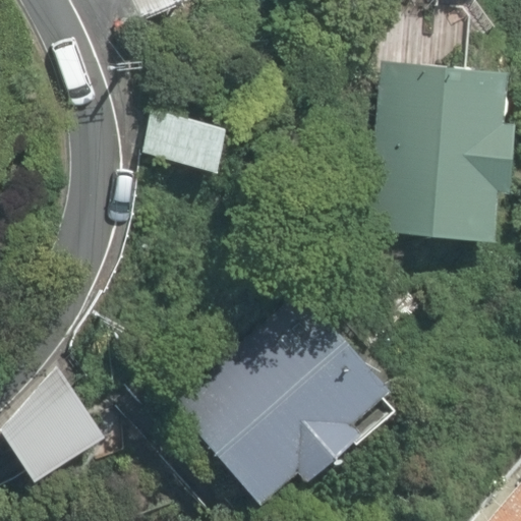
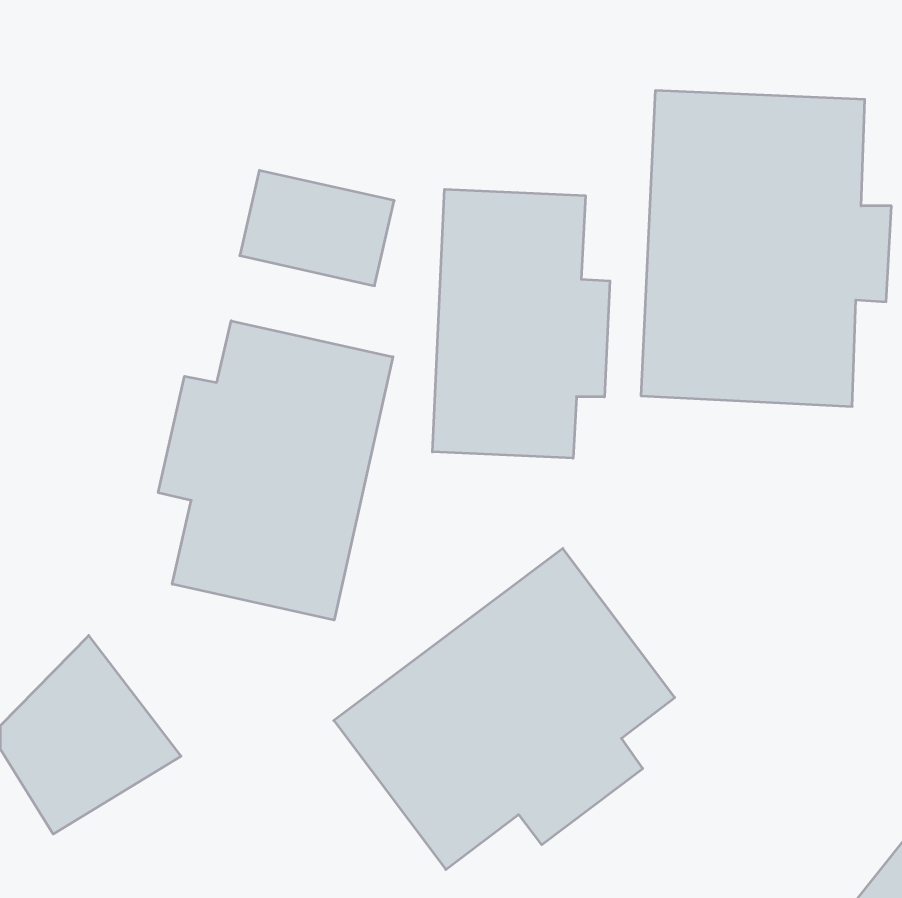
building: none -> [432,189,610,458]
building: none -> [158,321,393,620]

